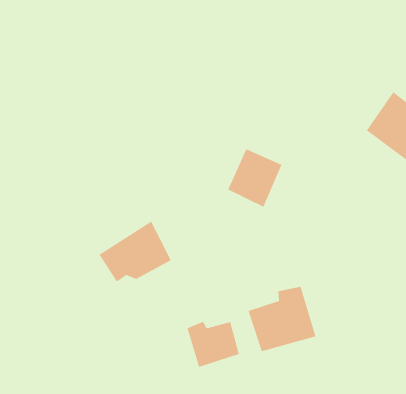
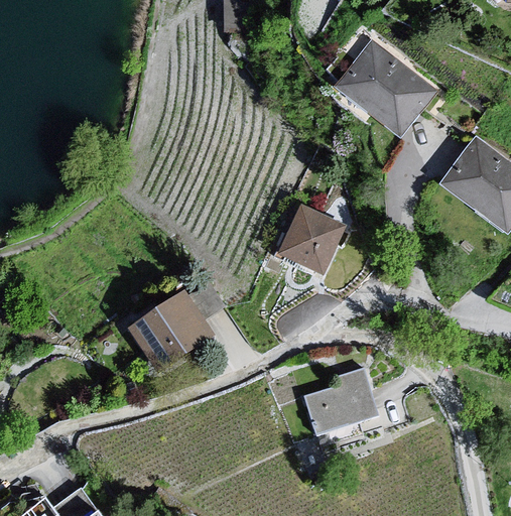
building: none -> [336,37,436,136]
building: [186,321,240,368] -> none

